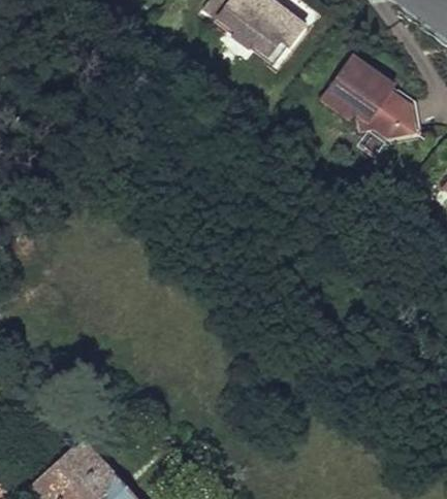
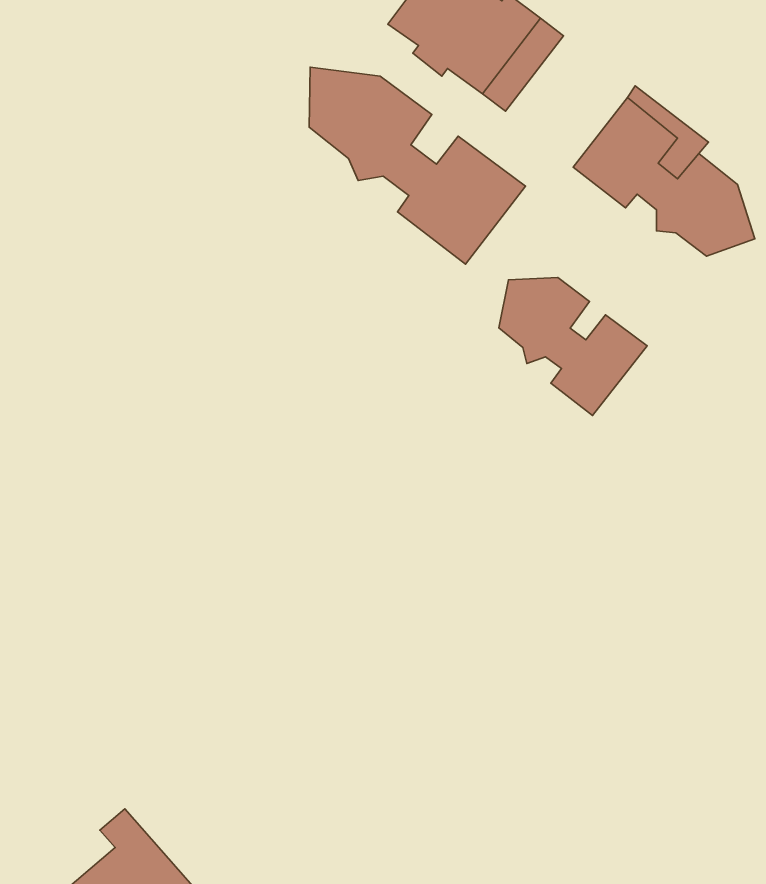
building: none -> [309,67,526,264]
building: none -> [499,278,647,416]

